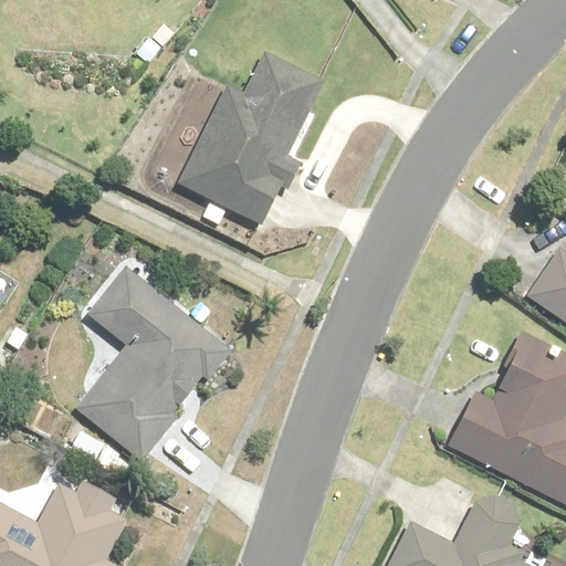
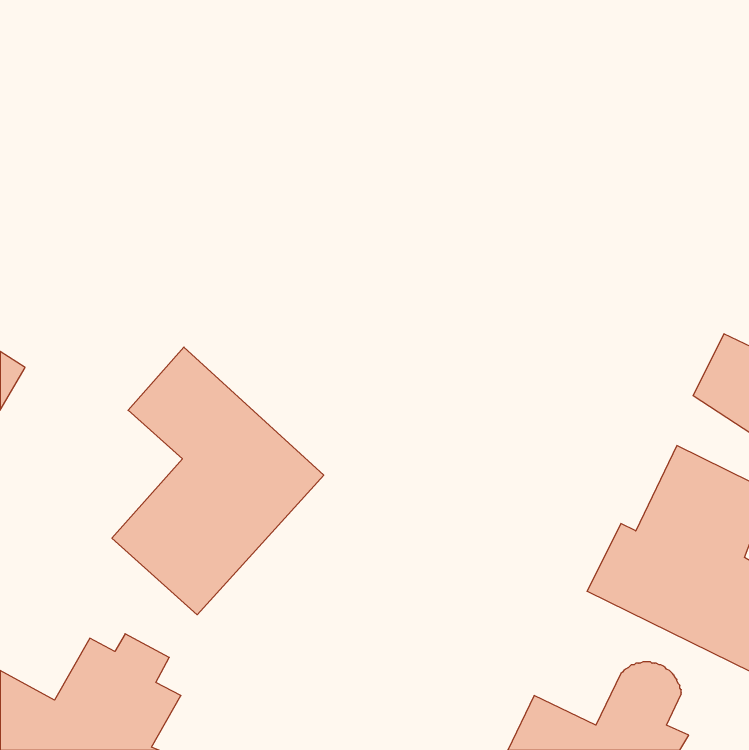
building: [177,54,321,231] -> none

